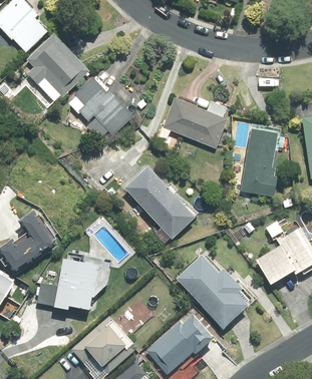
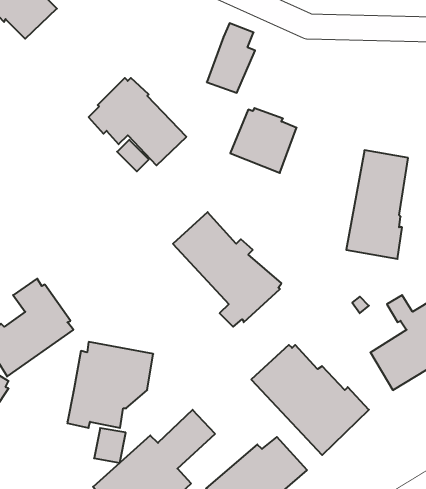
building: [27,33,90,101] -> none
building: [196,101,228,147] -> [207,23,255,93]
building: [37,283,58,306] -> [94,428,126,463]

